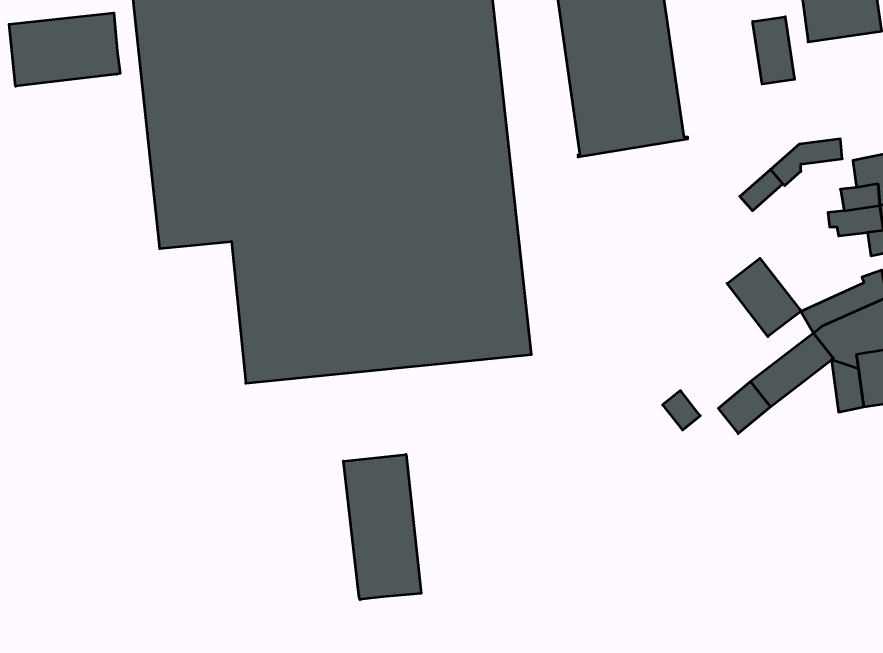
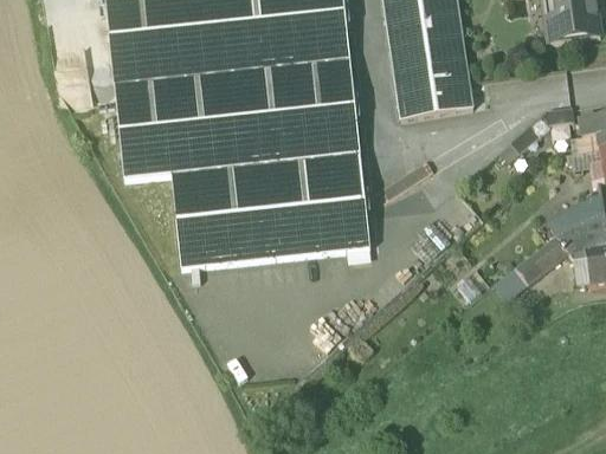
building: [9,13,120,86] -> none
building: [753,17,795,84] -> none
building: [727,258,801,337] -> none
building: [343,454,421,600] -> none

